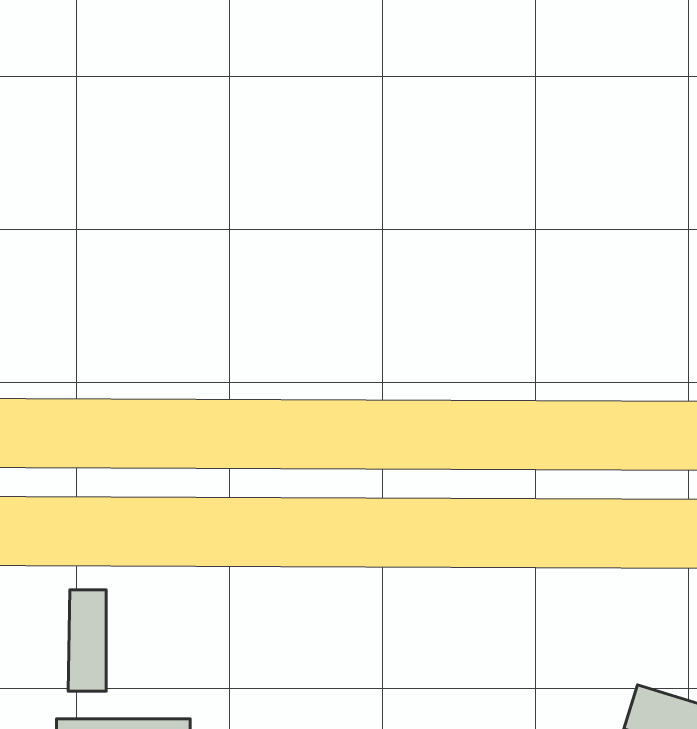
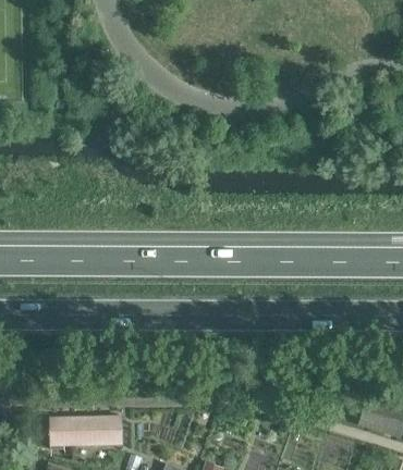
building: [68,590,106,691] -> none

